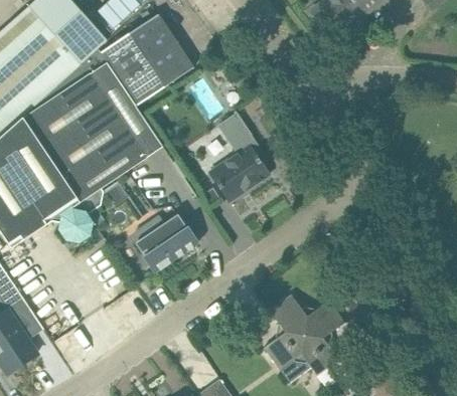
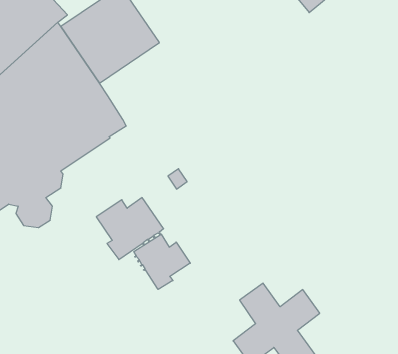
building: [210,109,269,200] -> none
building: none -> [134,234,190,289]

